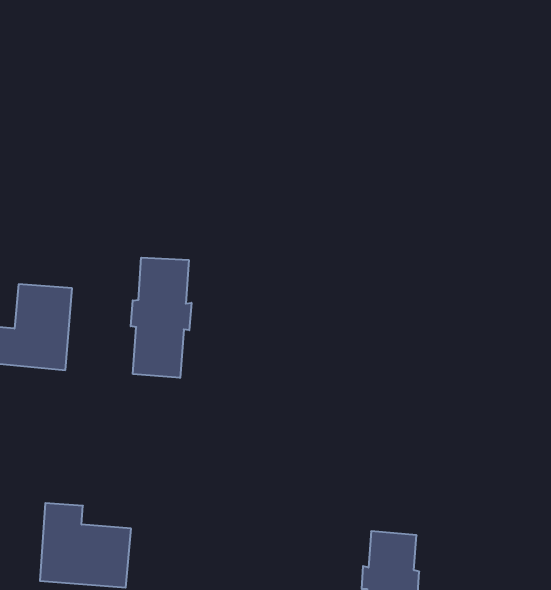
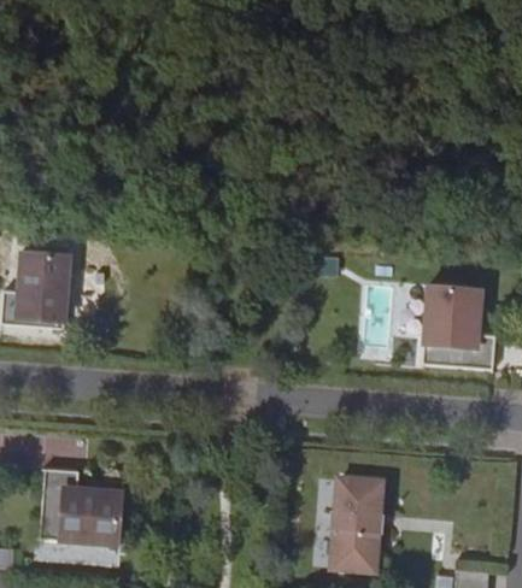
building: [131,258,191,378] -> none
building: none -> [422,286,495,369]

